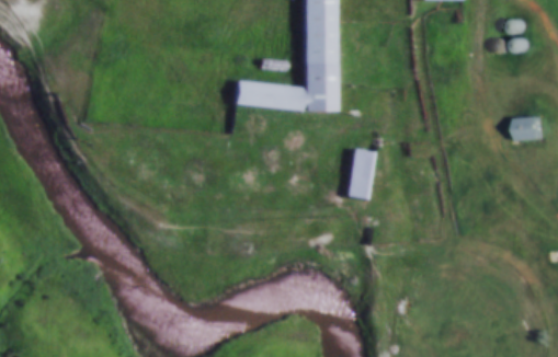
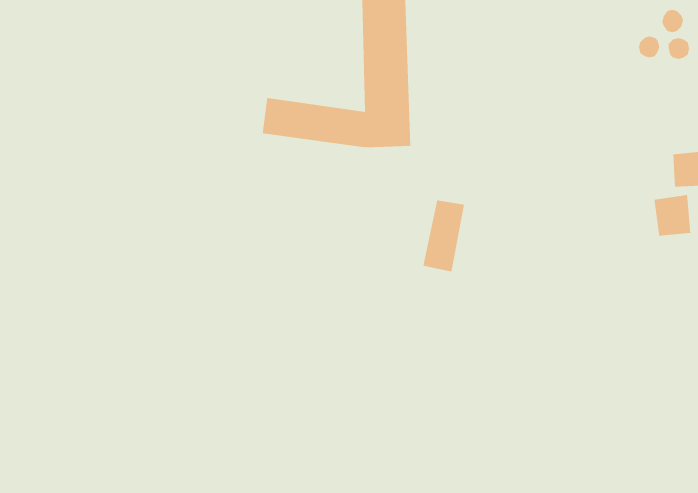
building: none -> [654,194,691,236]

